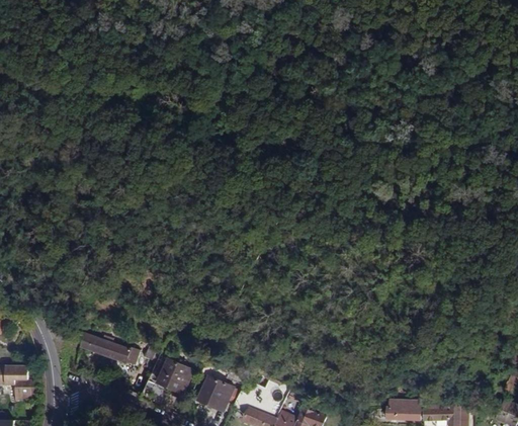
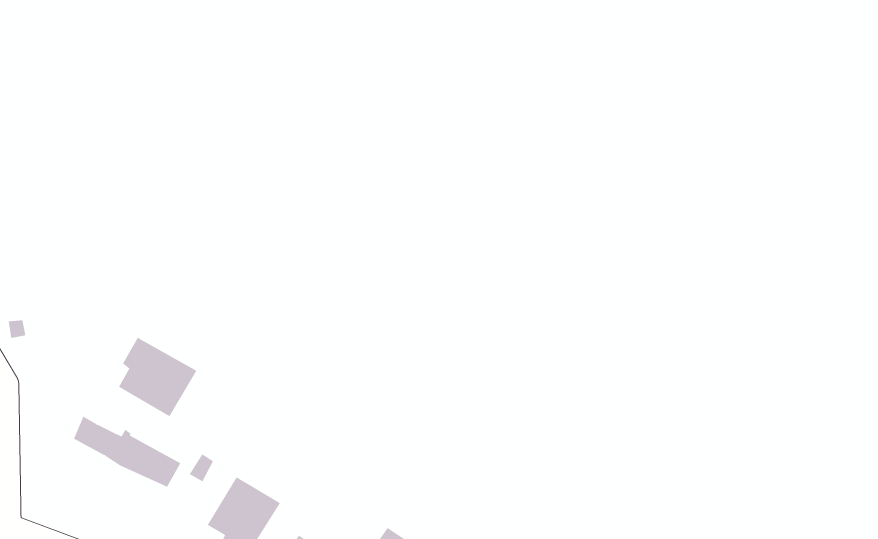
building: none -> [118,337,197,417]

